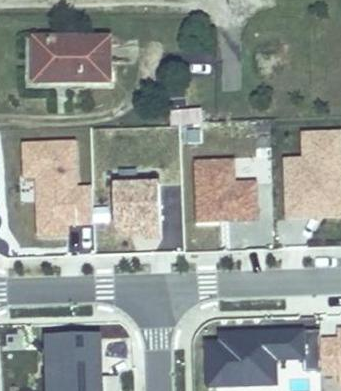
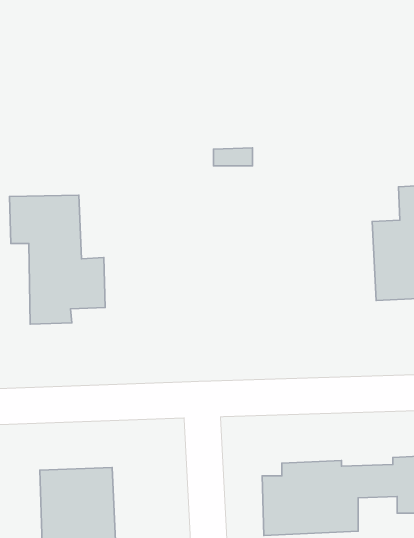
building: [46,29,120,74] -> none
building: [195,160,256,221] -> none
building: [113,182,160,237] -> none

